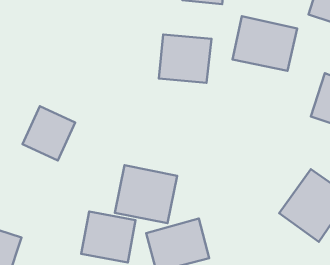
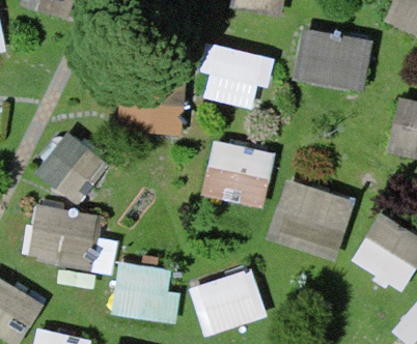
building: none -> [268,178,357,262]
building: none -> [22,202,98,271]
building: [115,165,177,223] -> [201,140,276,209]

